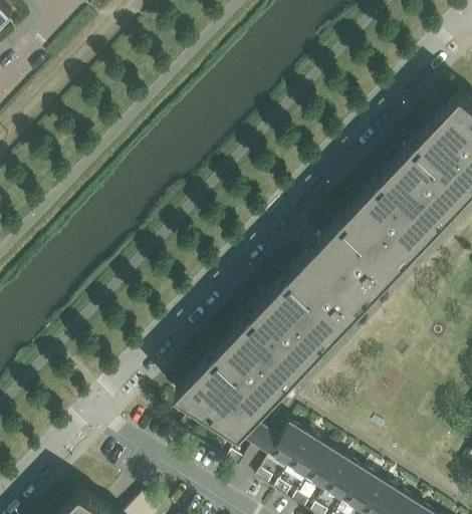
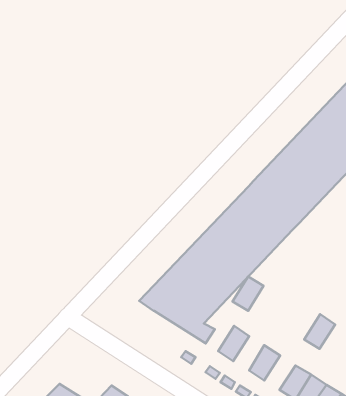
building: [291,439,328,480] -> [232,276,263,311]
building: [328,462,366,503] -> [304,314,335,349]

